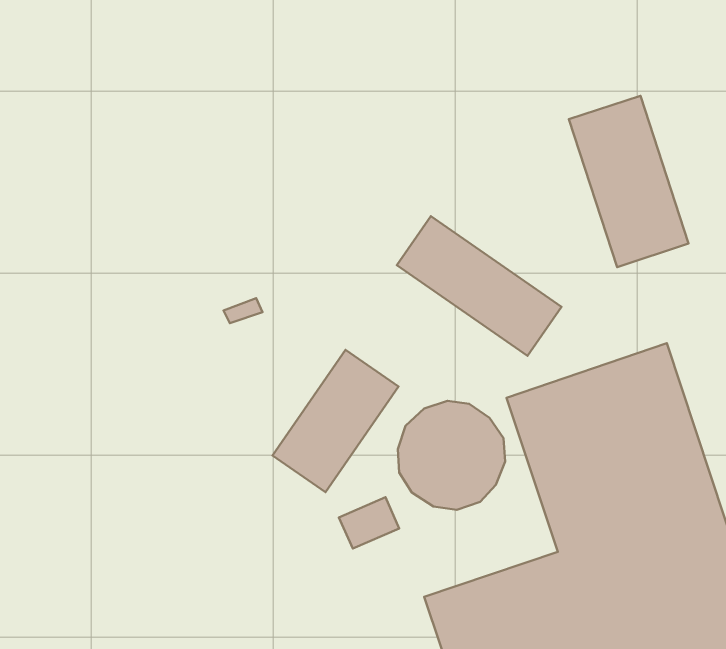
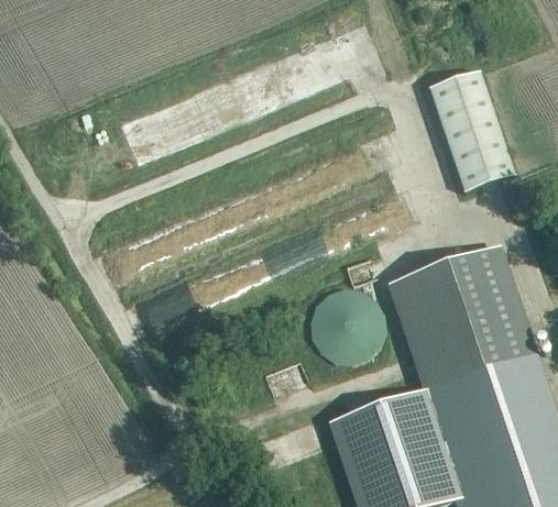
building: [397,216,561,356] -> none
building: [272,350,399,492] -> none

